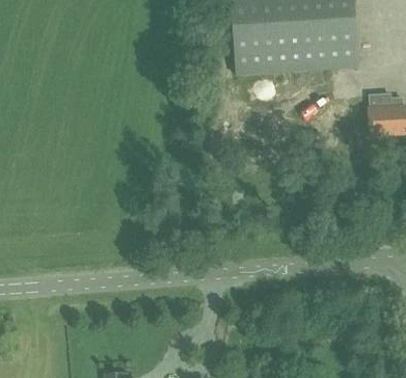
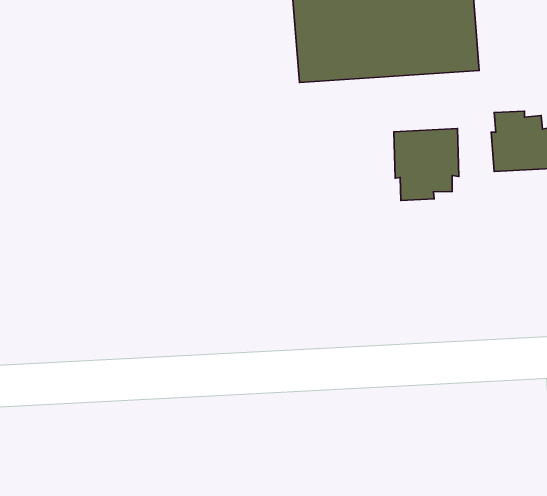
building: none -> [394,128,459,201]

